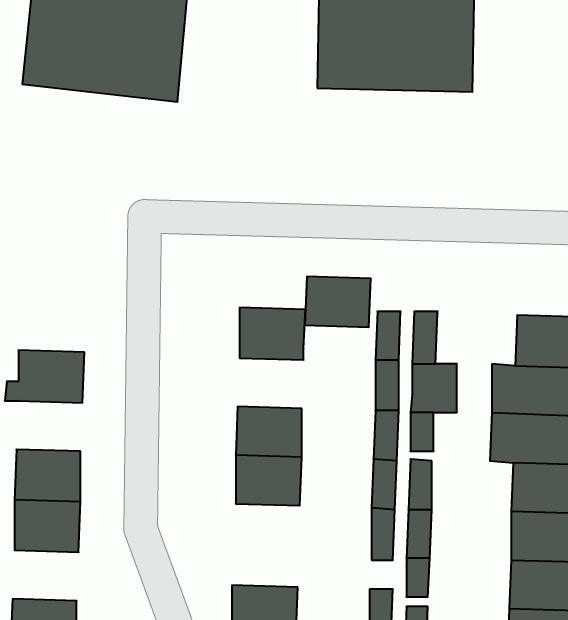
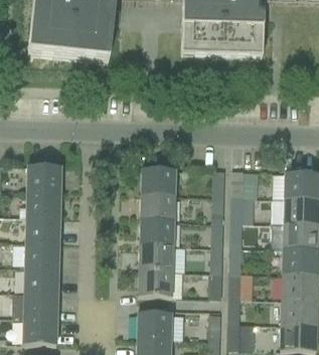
building: [305,277,371,327] -> [140,193,174,219]
building: none -> [26,164,60,190]
building: none -> [25,215,59,241]
building: none -> [138,269,172,296]
building: none -> [23,293,57,319]

